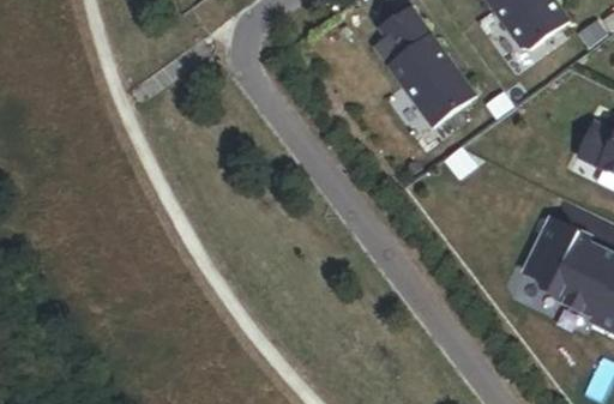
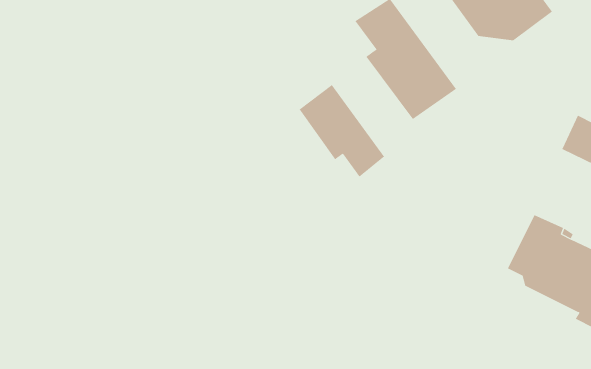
building: none -> [299,84,385,177]

